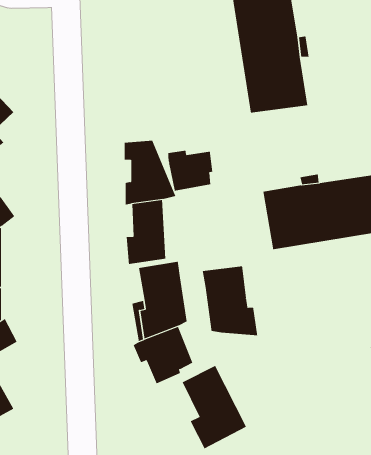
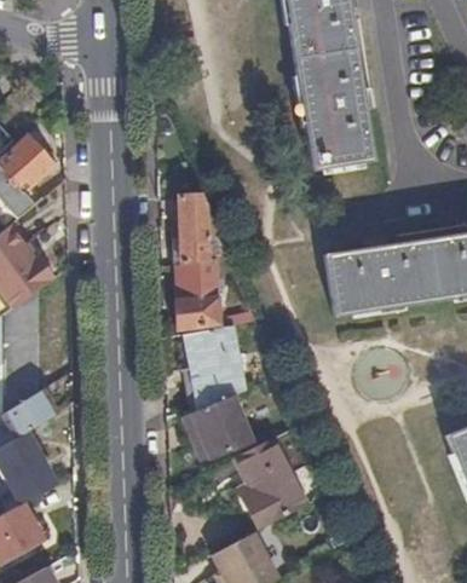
building: [168,150,213,191] -> none
building: [202,265,258,336] -> none

